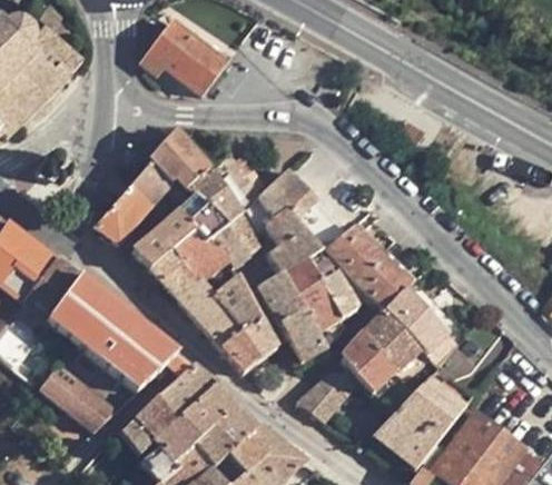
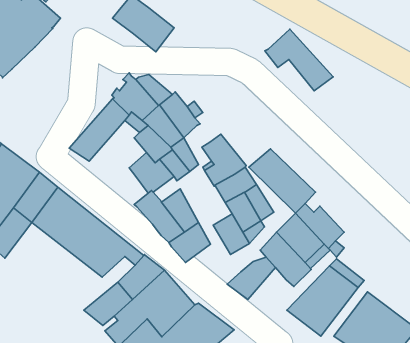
building: [258,168,346,247] -> [265,29,333,91]
building: [131,211,196,297] -> none
building: [257,273,304,324] -> none
building: [48,373,115,432] -> none

